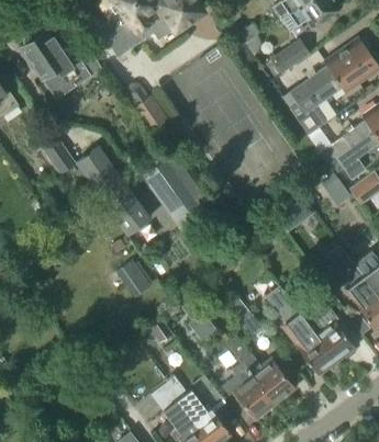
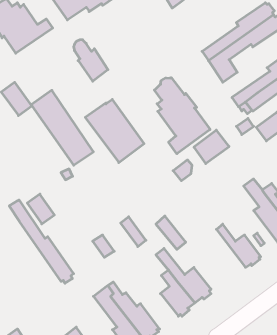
building: [265,39,310,78] -> none
building: none -> [154,78,210,154]
building: [116,260,149,296] -> [27,194,54,224]
building: none -> [9,200,74,283]
building: [266,286,335,374] -> none

